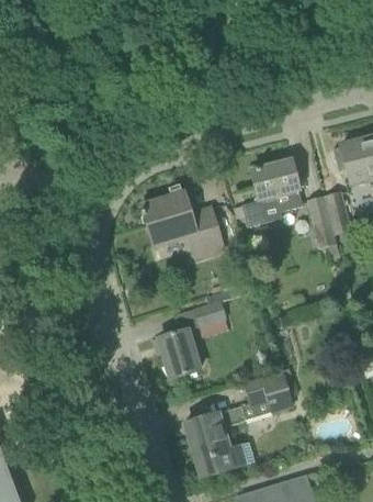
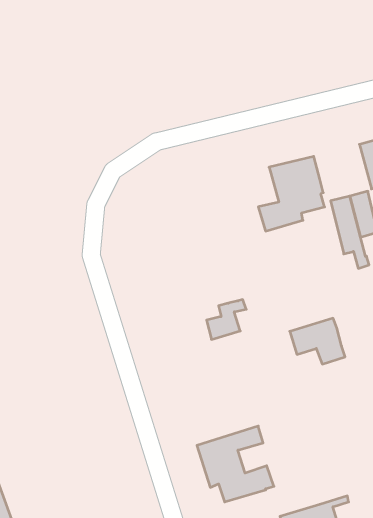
building: [142,190,217,257] -> none
building: [159,328,202,378] -> none
building: [244,370,294,412] -> [290,318,345,364]

